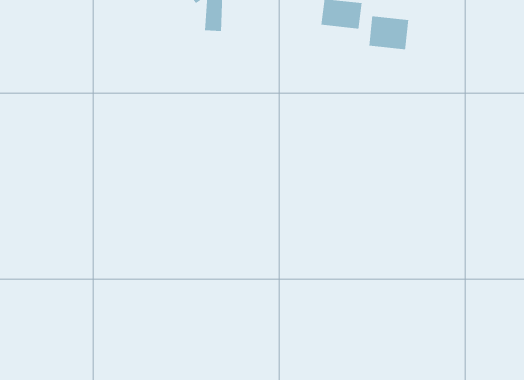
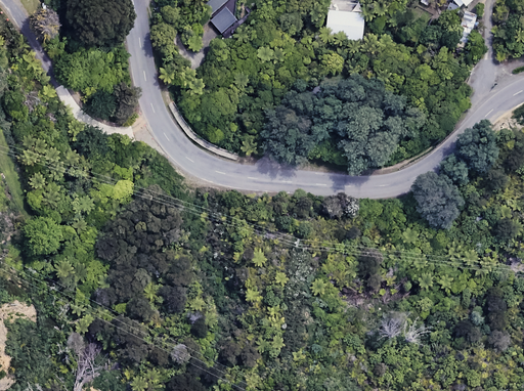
building: [369,15,409,50] -> none

